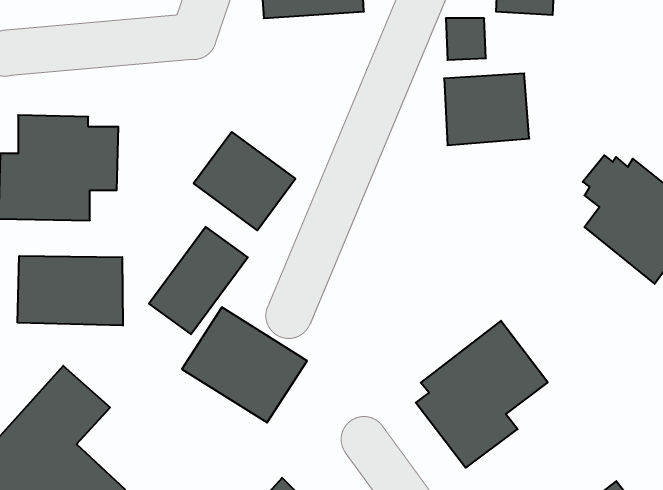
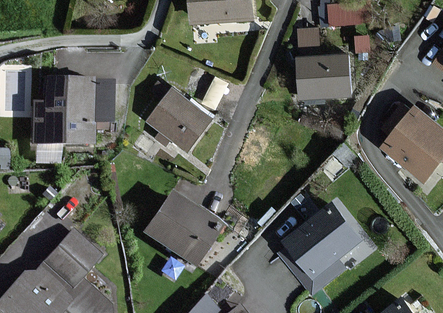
building: [149,227,248,334] -> none
building: [18,256,123,326] -> none

